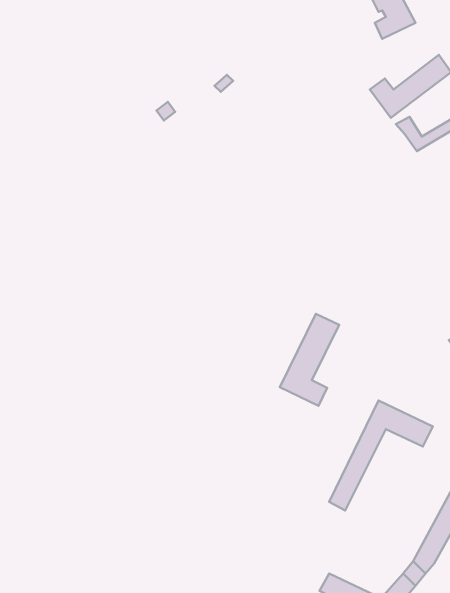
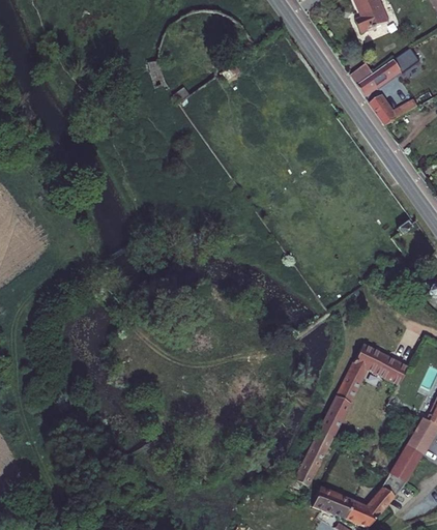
building: [280,314,339,406] -> none
building: none -> [295,424,334,482]

